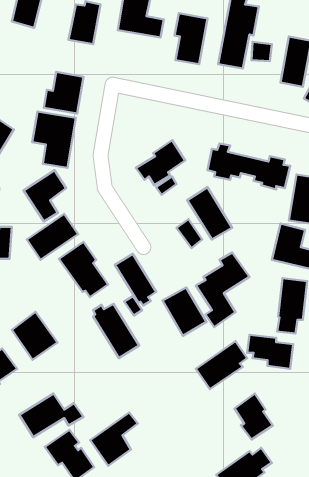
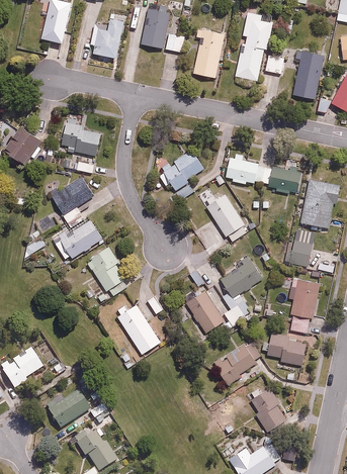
building: [44,72,83,114] -> none
building: [115,254,156,305] -> none
building: [12,312,57,360] -> none
building: [90,413,138,466] -> none

